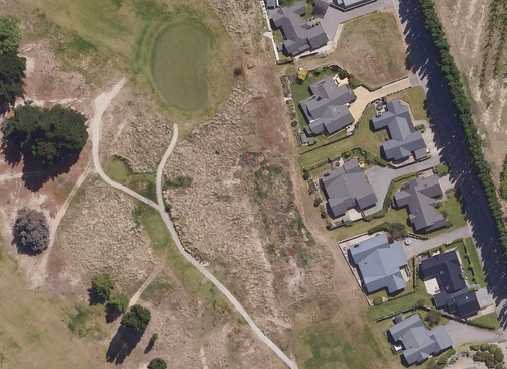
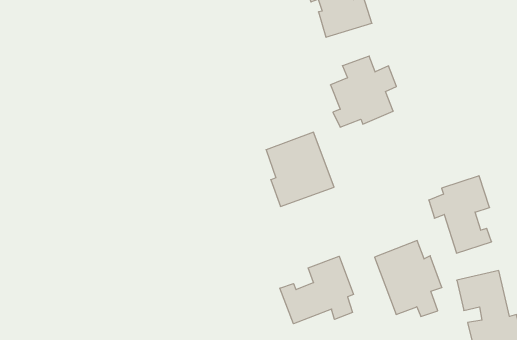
building: [370,92,424,159] -> none
building: [318,155,378,221] -> [266,132,334,206]
building: none -> [280,256,354,324]

